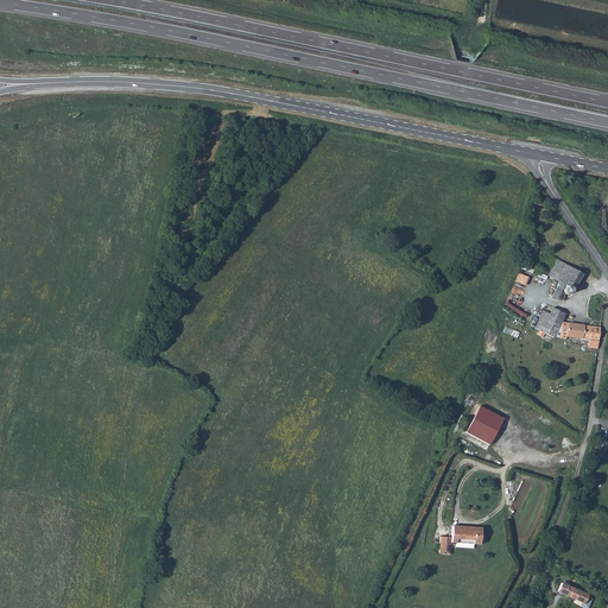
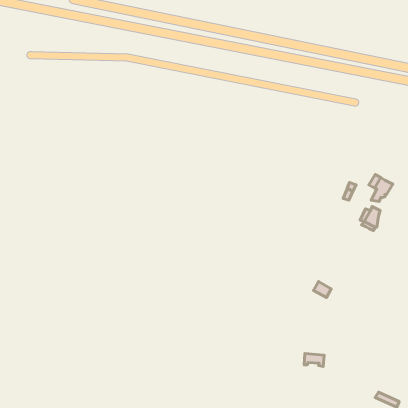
building: [560,321,601,348] -> none

